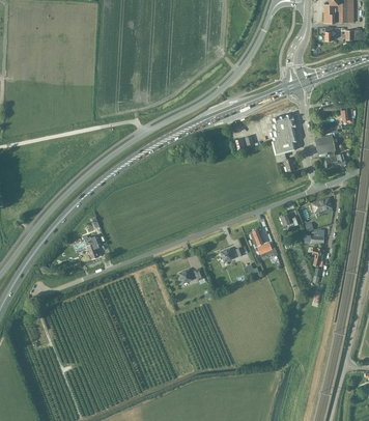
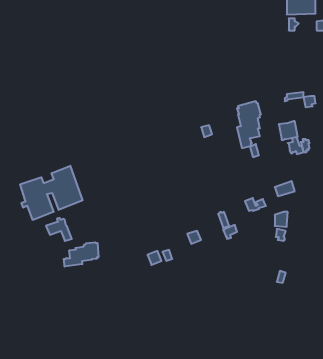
building: none -> [20,166,83,220]
building: none -> [64,242,98,267]

